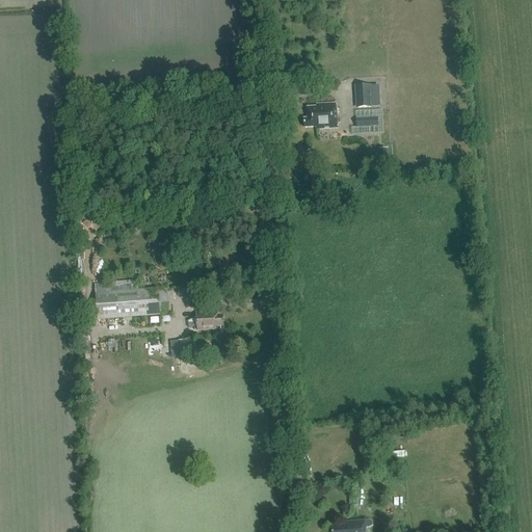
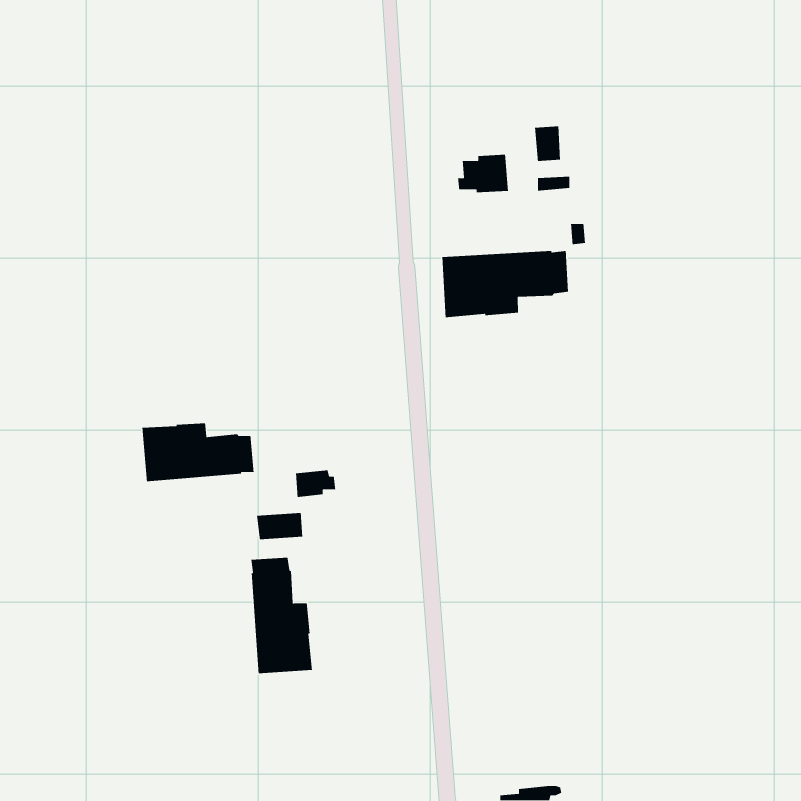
building: none -> [442,250,569,318]
building: none -> [250,557,313,674]

